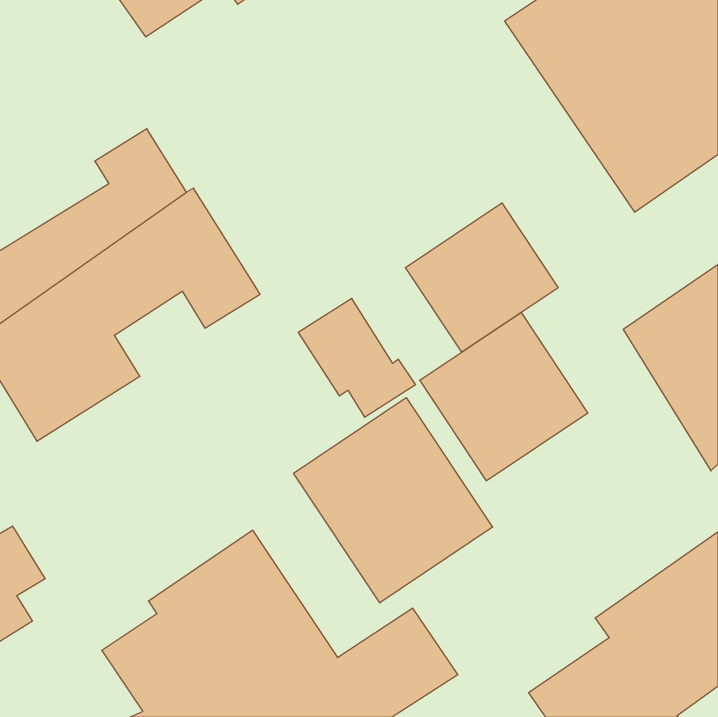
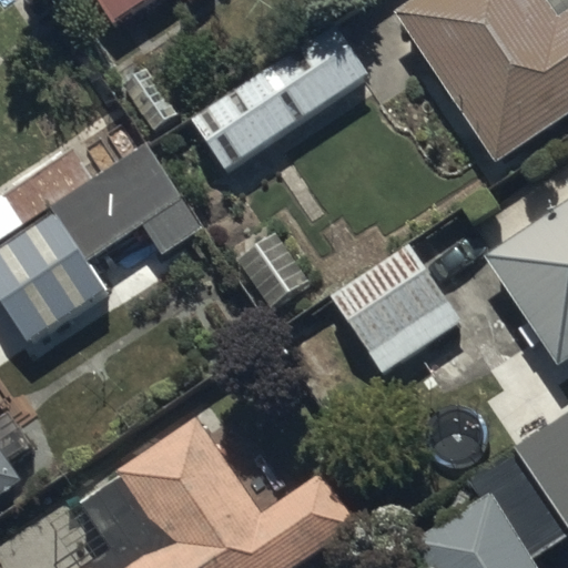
building: none -> [191,24,371,173]
building: [405,203,558,352] -> none
building: [294,398,493,603] -> none

